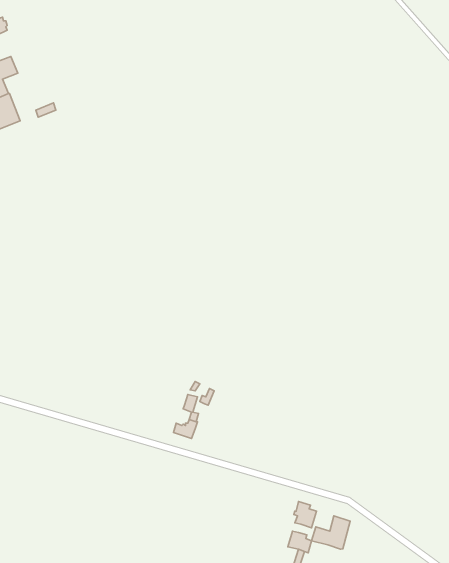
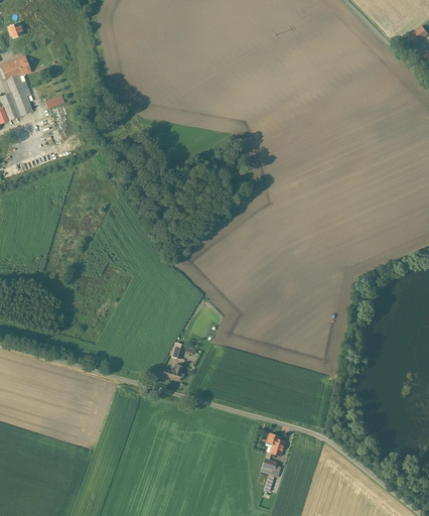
building: [312,516,350,549] -> none

